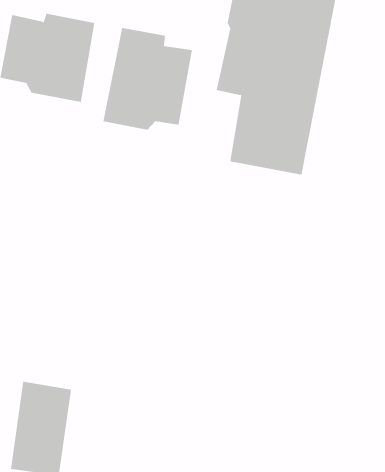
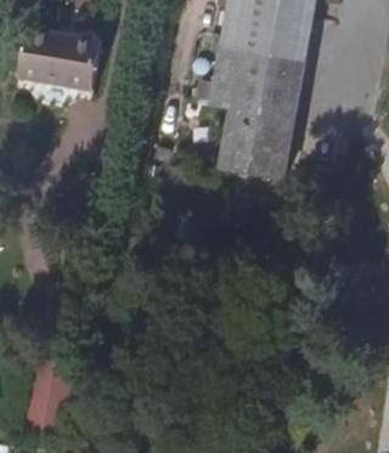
building: [103,27,193,130] -> none

